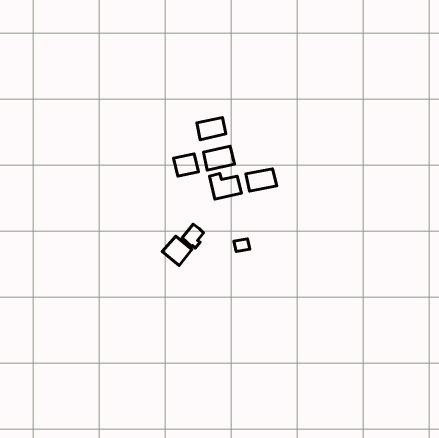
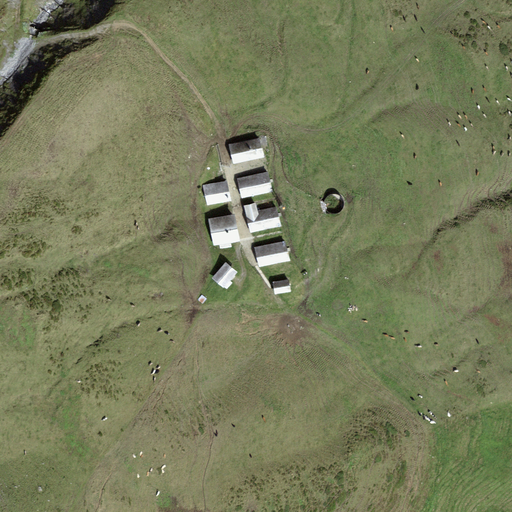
building: [246,169,277,191] -> [254,240,290,266]
building: none -> [208,213,240,245]
building: [162,236,192,265] -> none

